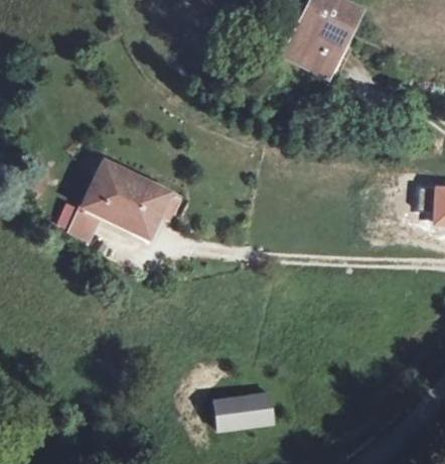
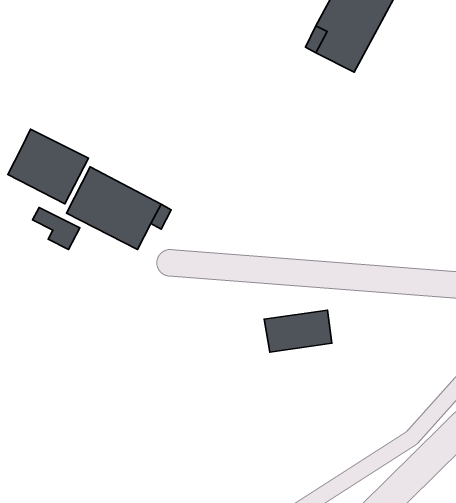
building: none -> [8,129,88,204]
building: [212,395,273,433] -> [264,310,332,352]

